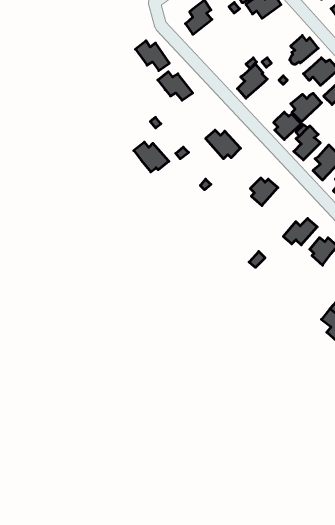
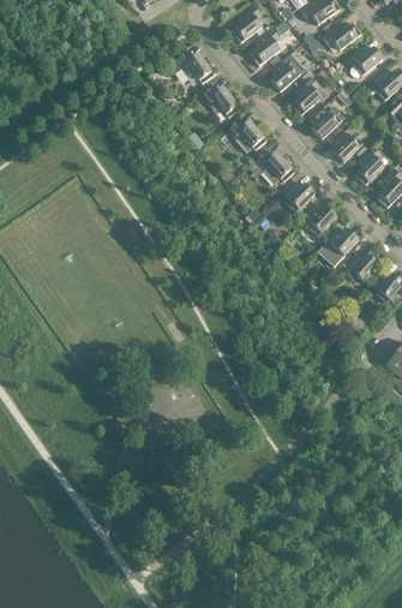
building: none -> [320,20,360,49]
building: none -> [250,28,280,65]
building: none -> [269,53,304,90]
building: [291,93,322,122] -> [310,106,344,138]
building: [134,142,169,172] -> [227,118,266,151]
building: none -> [282,180,314,211]
building: none -> [319,227,358,263]

